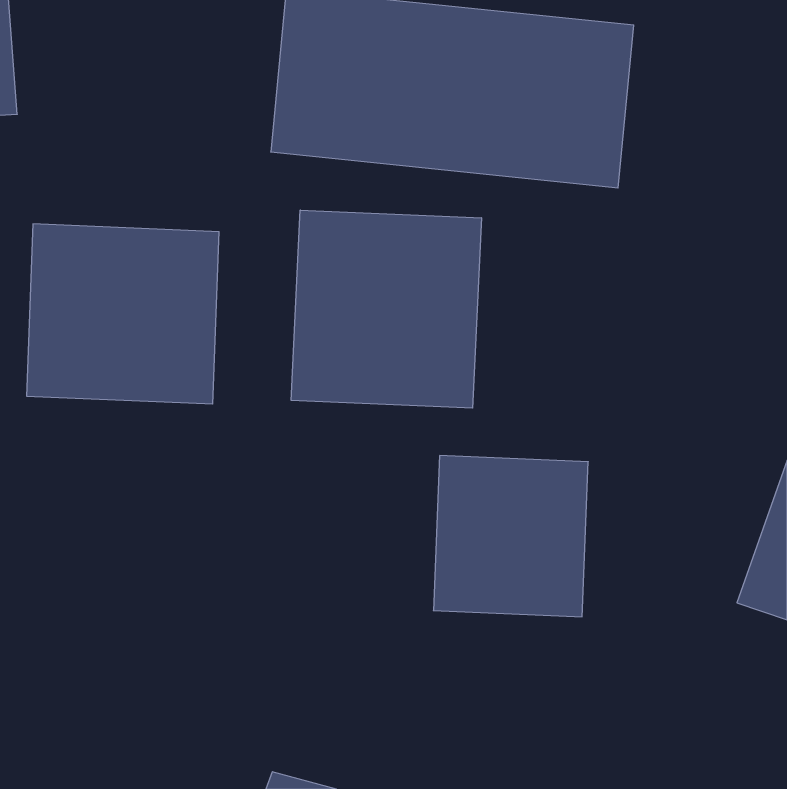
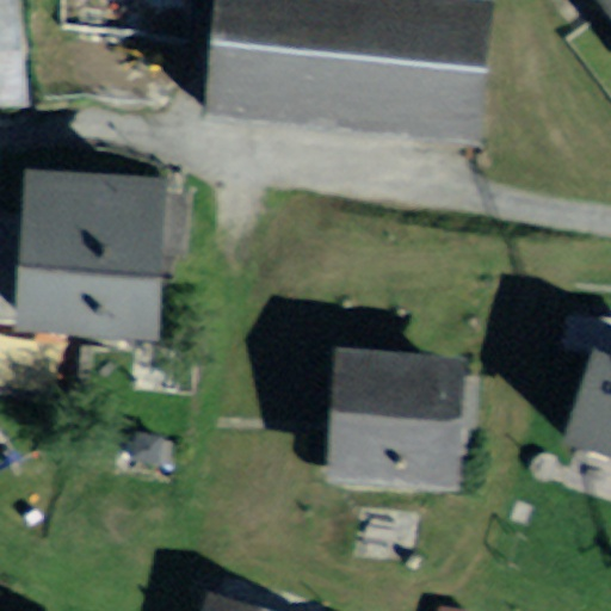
building: [291,210,481,408] -> none

